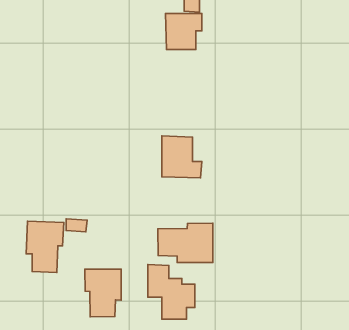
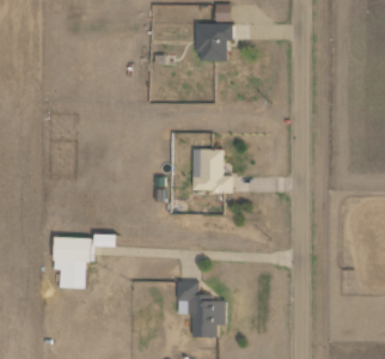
building: [158,223,213,263] -> none
building: [85,269,121,317] -> none

